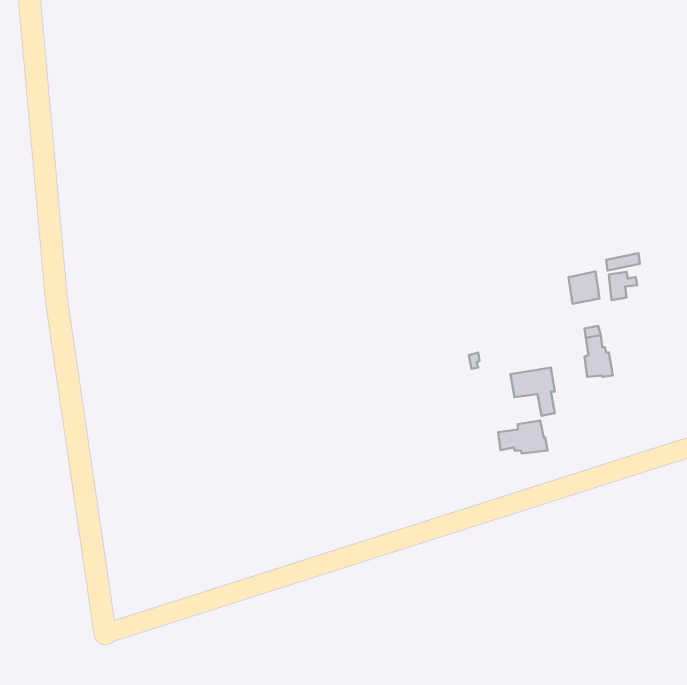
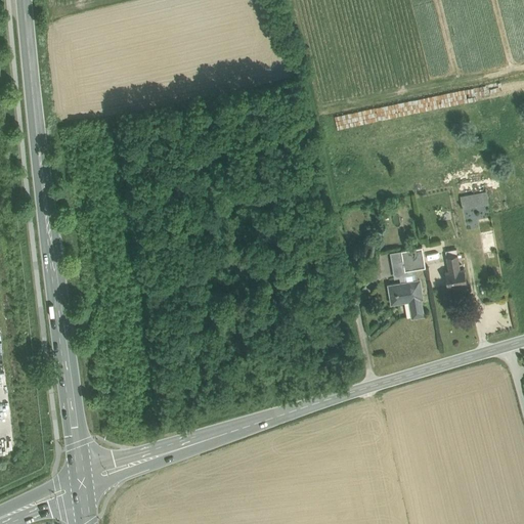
building: [569,272,600,304] -> [400,248,424,272]
building: [498,421,548,453] -> none

